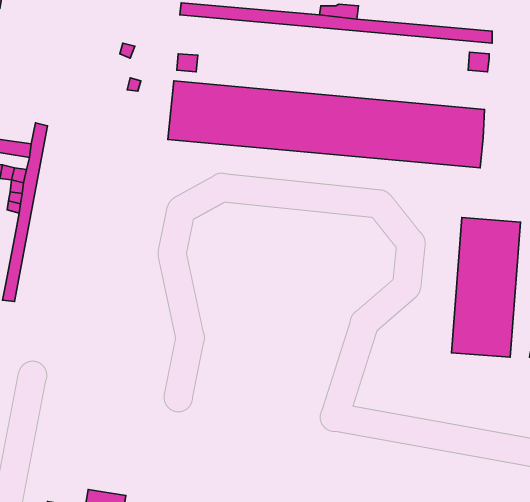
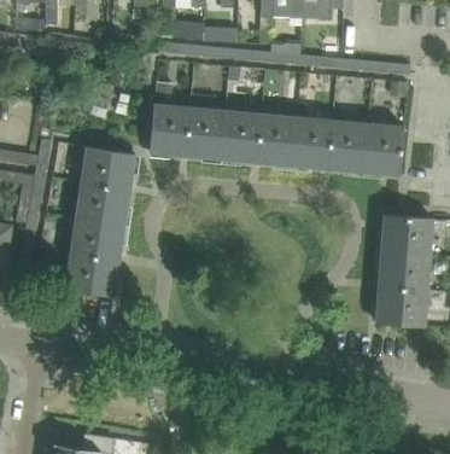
building: none -> [66,146,134,297]

